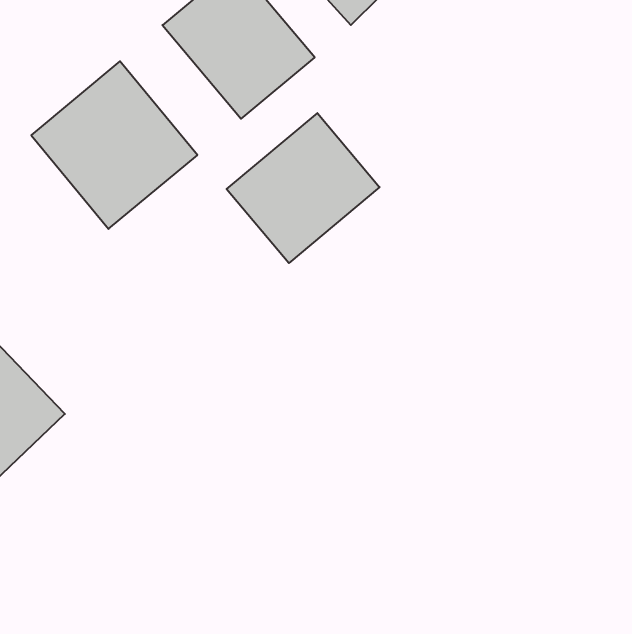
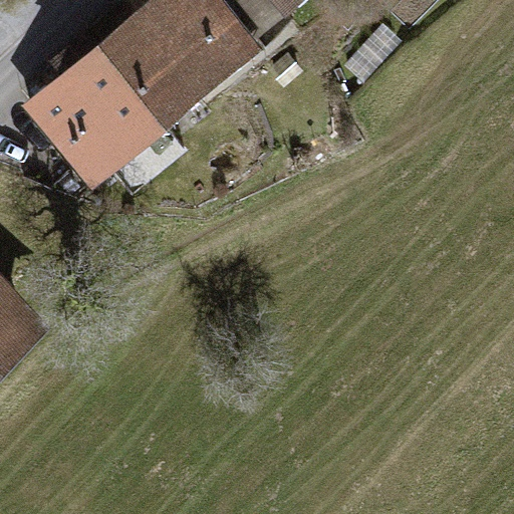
building: none -> [96,20,194,124]
building: [227,113,380,263] -> none

